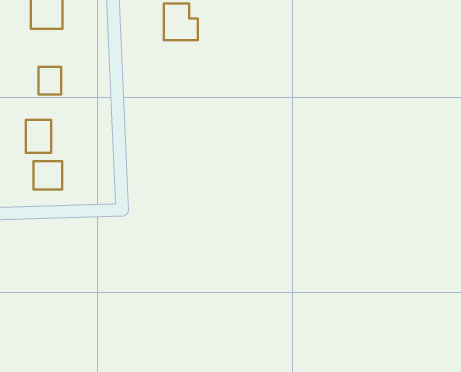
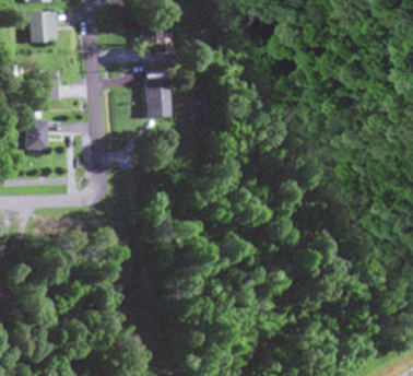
building: none -> [148,71,170,118]
building: [34,161,62,189] -> none

